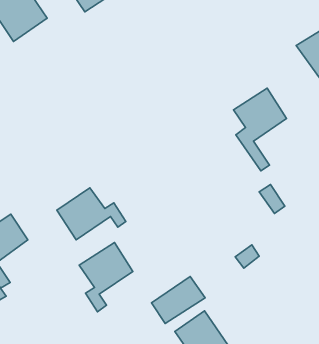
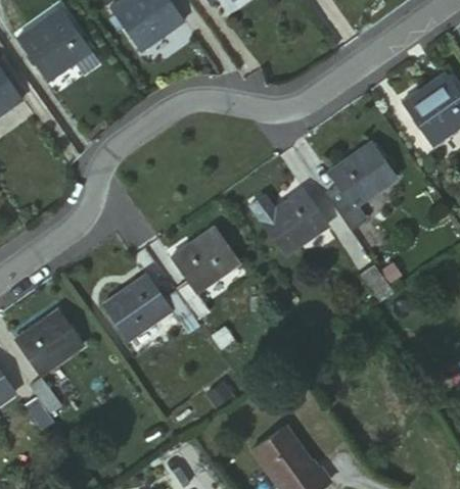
building: none -> [256,190,330,254]
building: [79,243,133,312] -> [169,228,237,315]
building: [151,276,205,323] -> none

